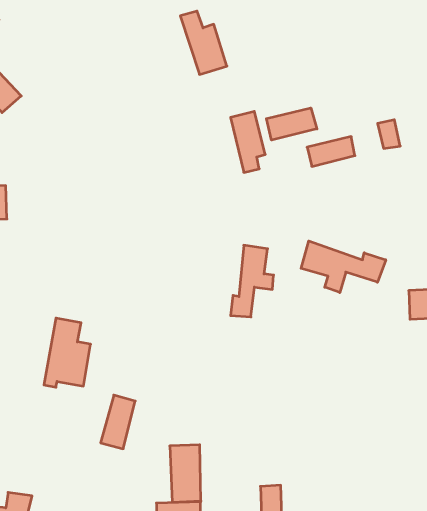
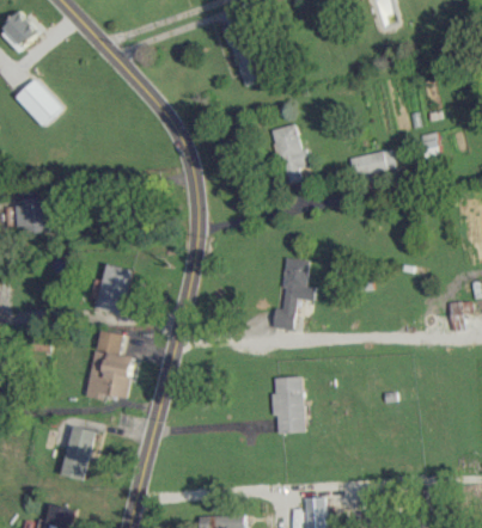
building: [266,108,317,140] -> none
building: [301,241,386,293] -> none
building: none -> [94,263,130,314]
building: [101,395,135,449] -> [61,426,96,480]
building: [170,445,201,502] -> [273,376,304,434]

